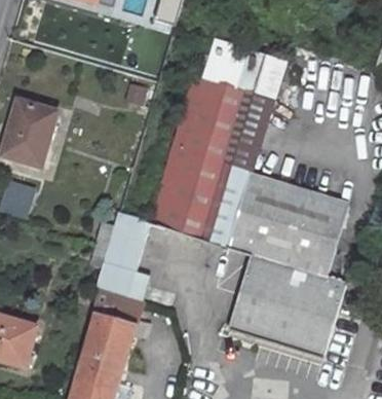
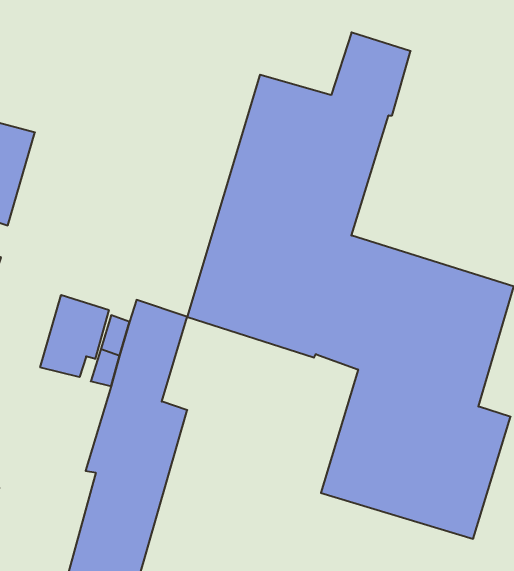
building: none -> [40,295,109,377]

